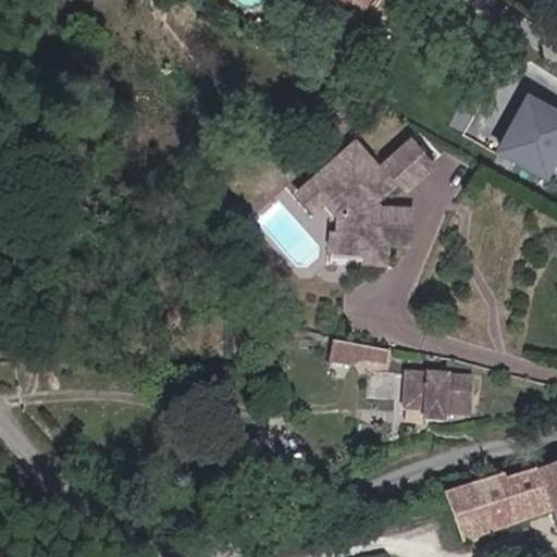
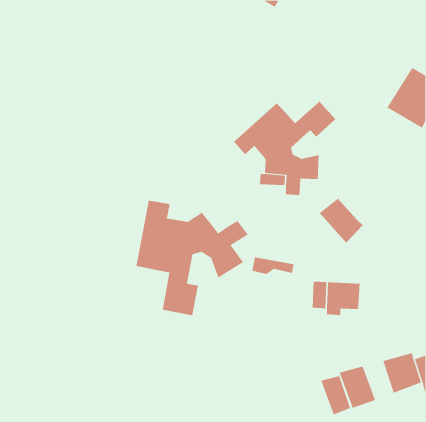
building: none -> [319,198,363,243]
building: none -> [136,200,248,316]
building: [471,476,510,528] -> [321,376,351,415]

